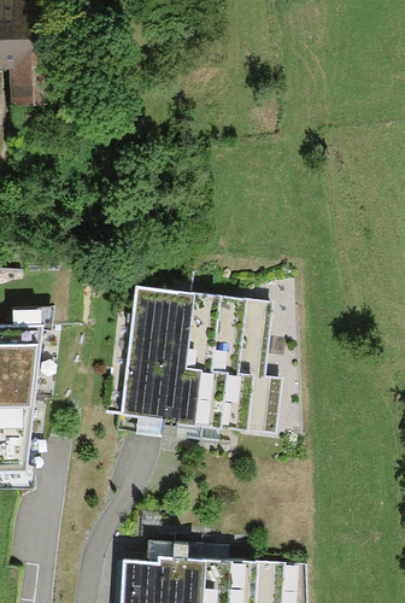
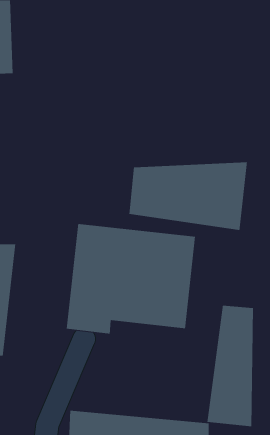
building: none -> [129,162,247,231]
building: none -> [207,305,254,427]

